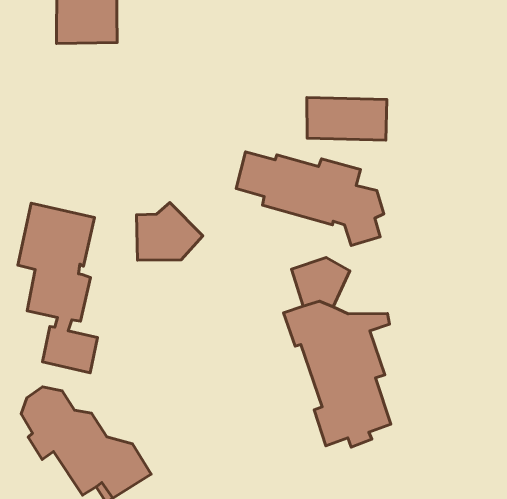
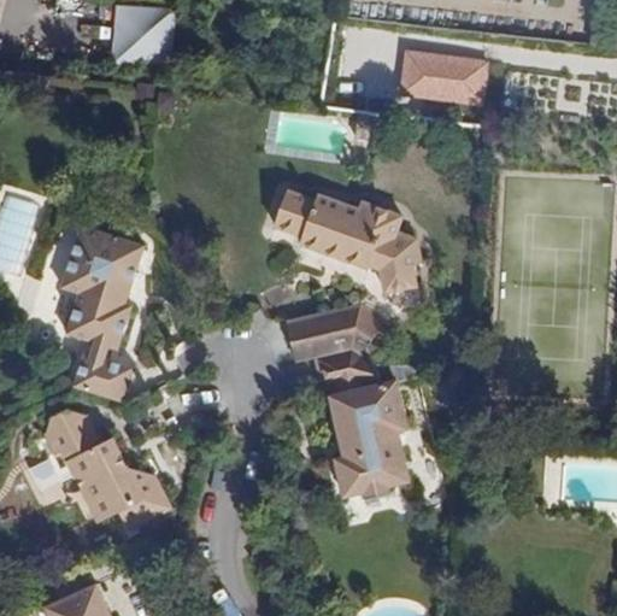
building: [307,98,387,140] -> [402,51,487,101]
building: [136,202,203,260] -> none
building: none -> [289,312,334,358]

